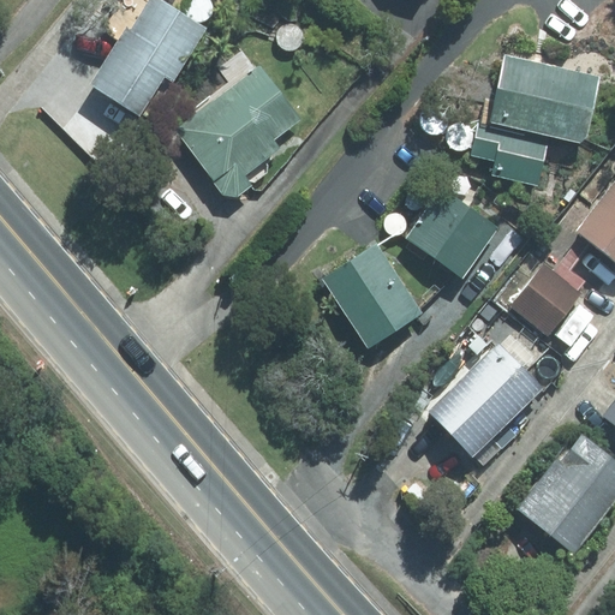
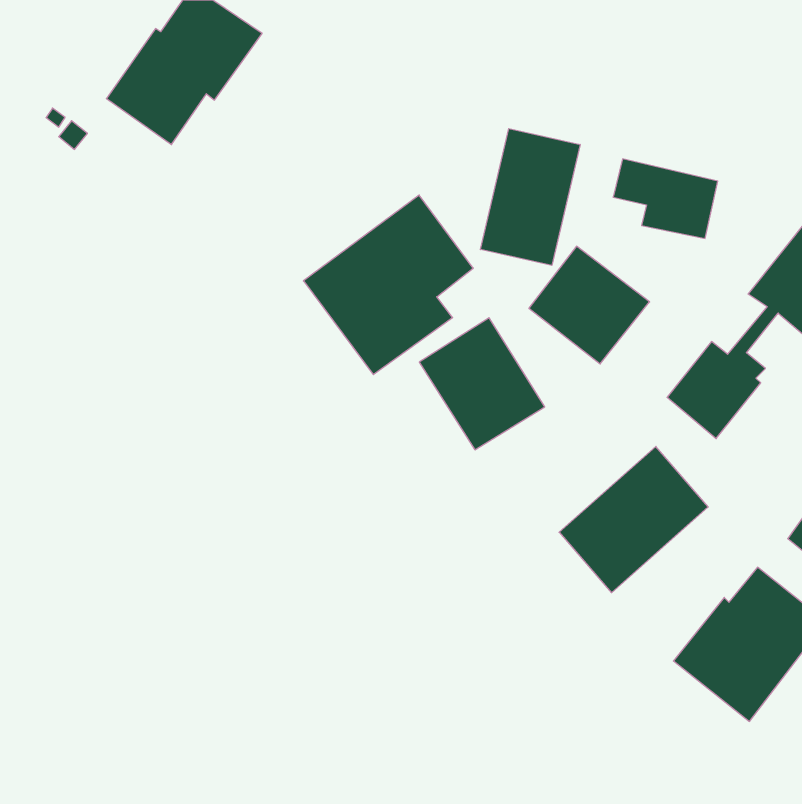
building: [489,58,602,144] -> none
building: [173,66,301,202] -> [303,195,473,375]
building: none -> [480,129,580,265]

